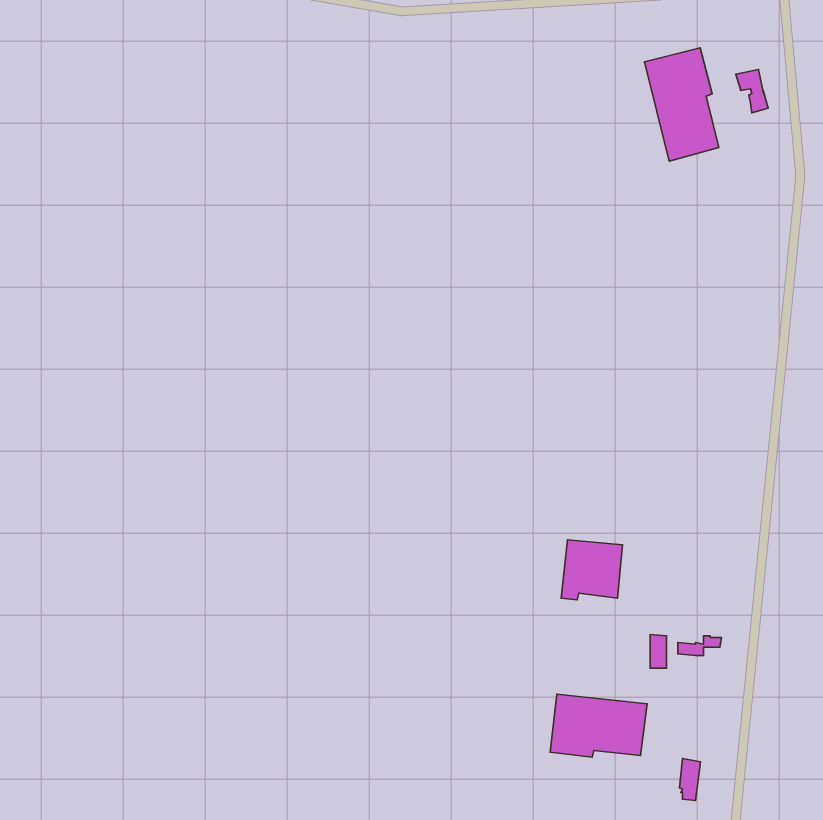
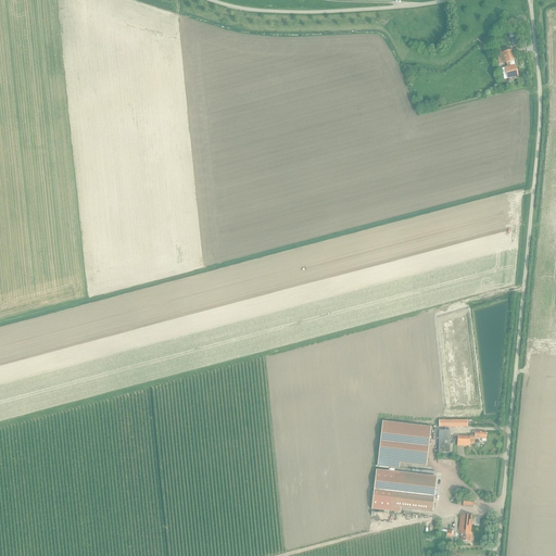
building: [645,48,719,161] -> none
building: [561,540,622,600] -> [387,425,428,465]

